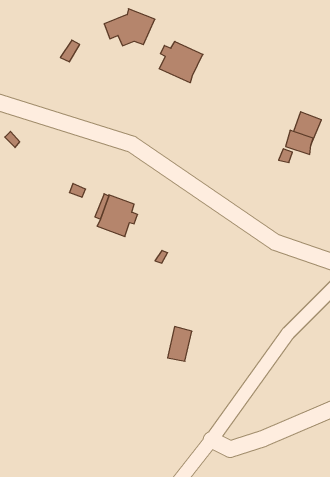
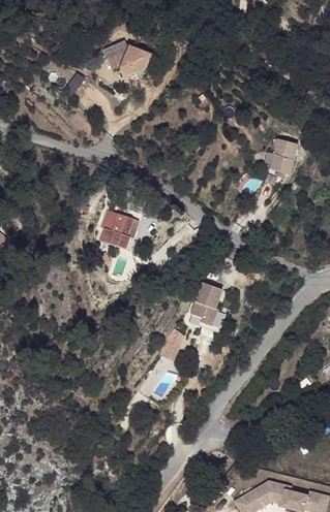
building: [159,41,203,83] -> none
building: none -> [189,283,220,326]

